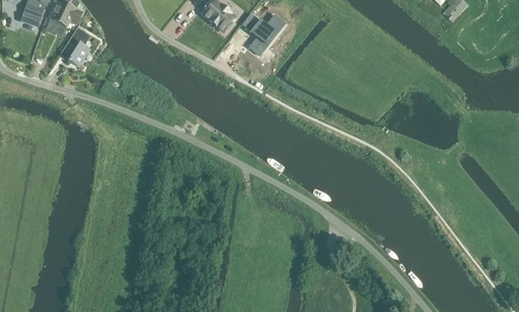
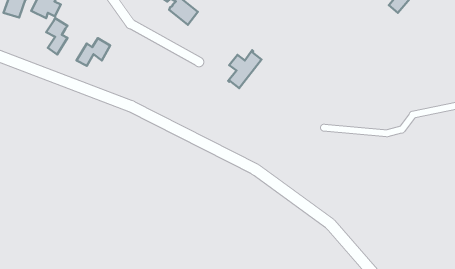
building: [247,14,284,56] -> [228,50,261,88]
building: none -> [77,38,110,66]

